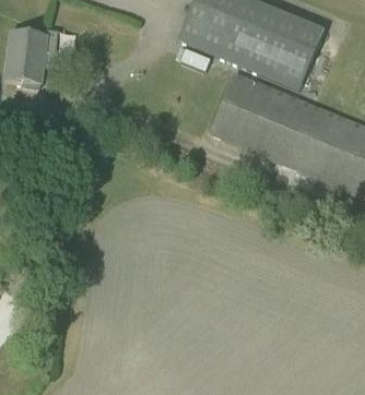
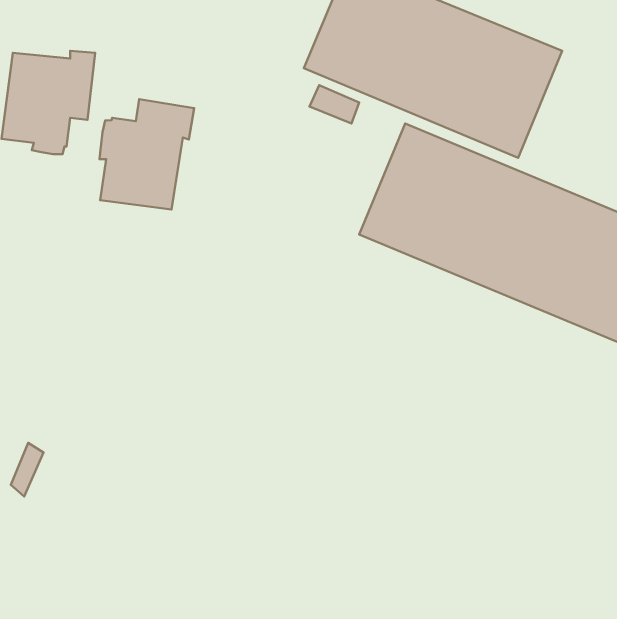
building: none -> [100,99,194,210]

